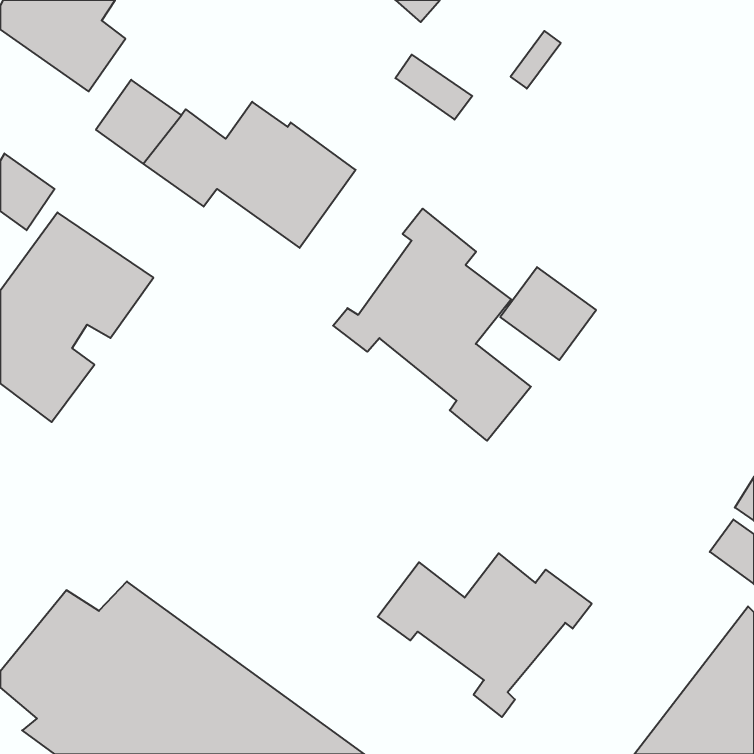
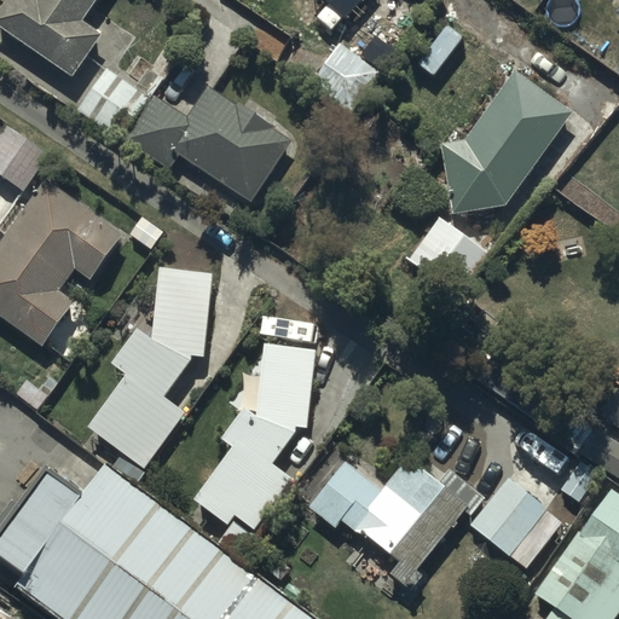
building: none -> [439,64,573,214]
building: [333,209,531,441] -> none
building: none -> [85,264,214,464]
building: none -> [191,336,314,528]
building: none -> [469,475,562,567]

